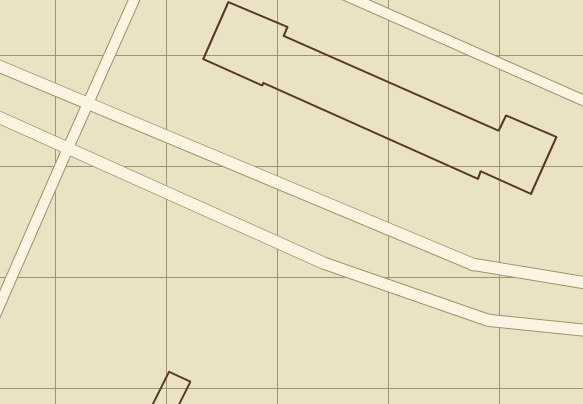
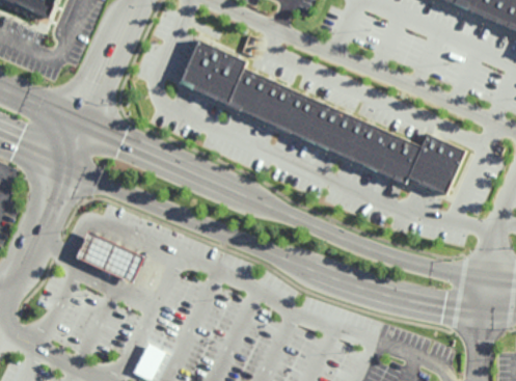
building: none -> [76,230,143,282]

